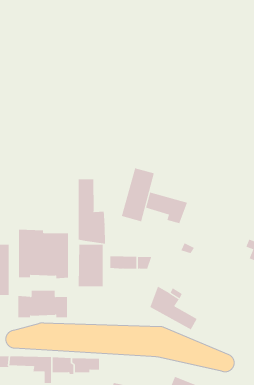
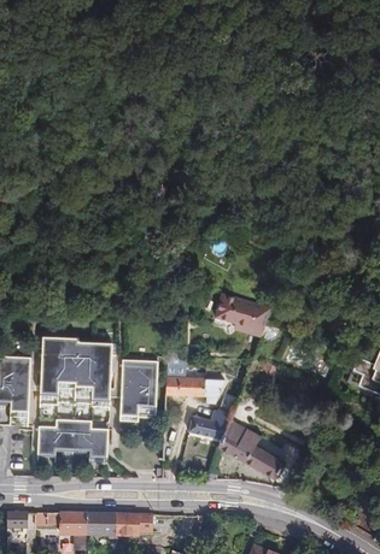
building: [121,167,154,222] -> none
building: [78,178,105,245] -> none
building: none -> [189,407,233,438]

